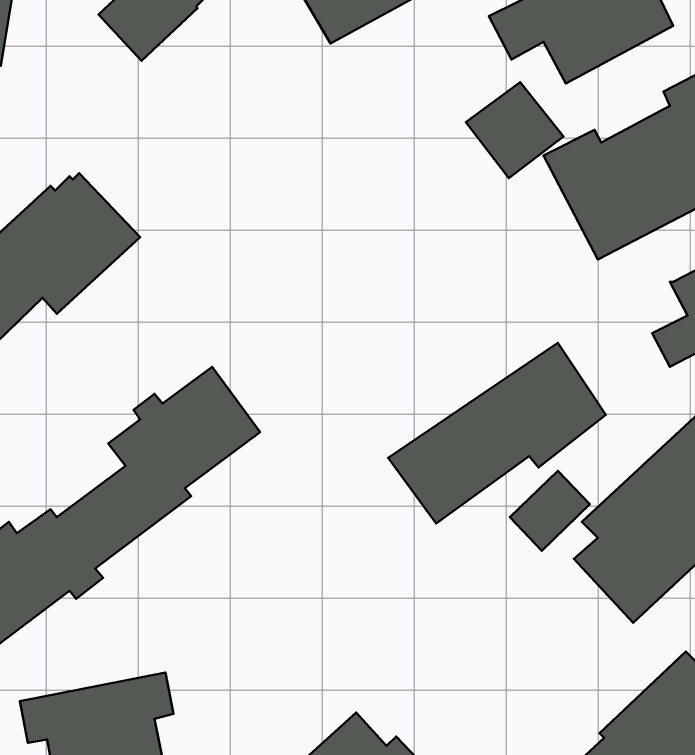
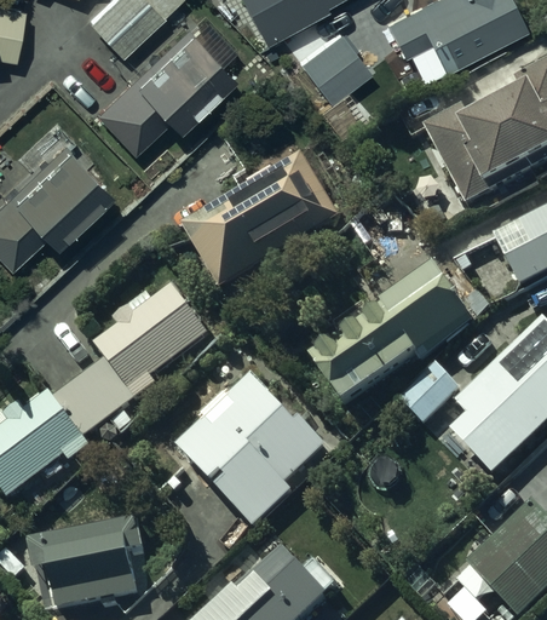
building: none -> [96,21,236,149]
building: [466,82,563,178] -> [296,27,370,99]
building: none -> [180,139,338,286]
building: none -> [175,371,326,527]

